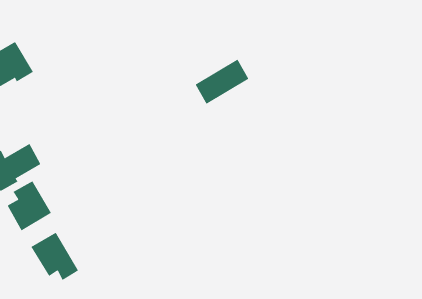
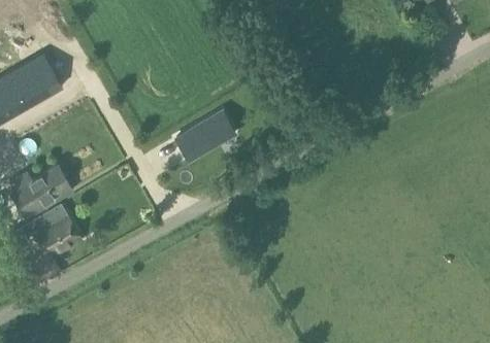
building: [195,59,249,105] -> [173,113,232,163]
building: [31,232,79,281] -> none

